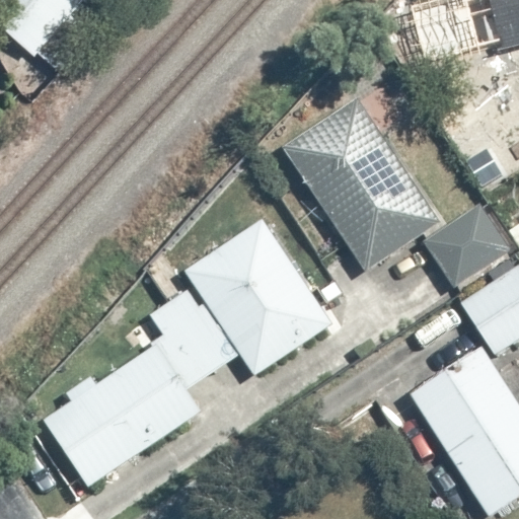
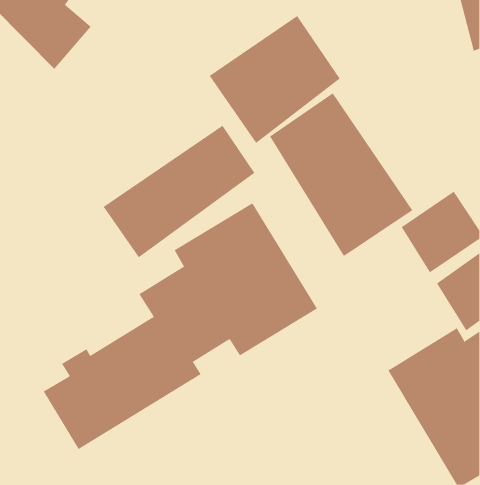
building: none -> [209,15,340,144]
building: none -> [103,125,255,258]

